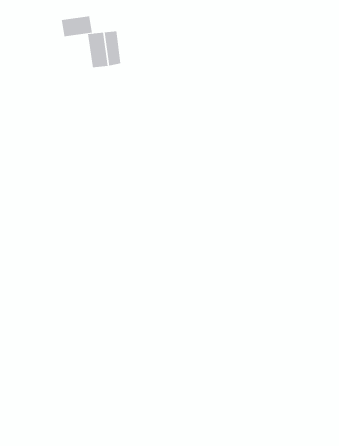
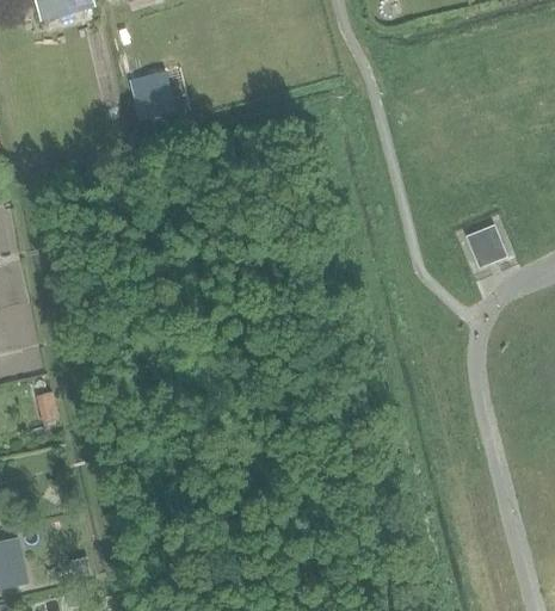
building: [61,15,92,37] -> none

